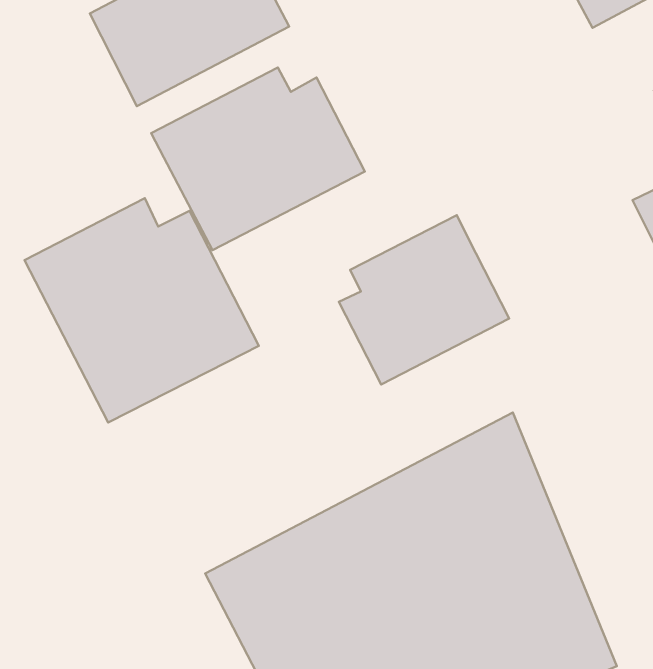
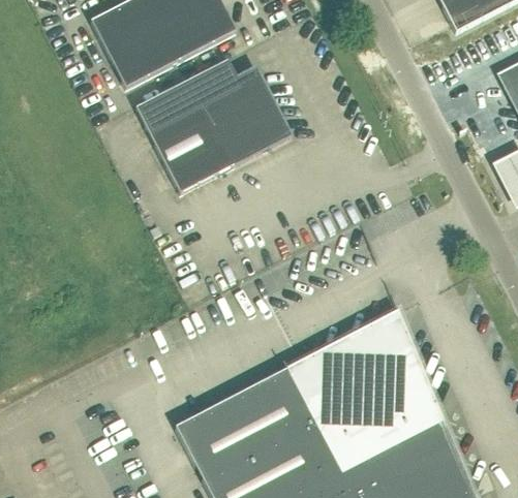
building: [24,198,259,422] -> none
building: [339,215,509,385] -> none

